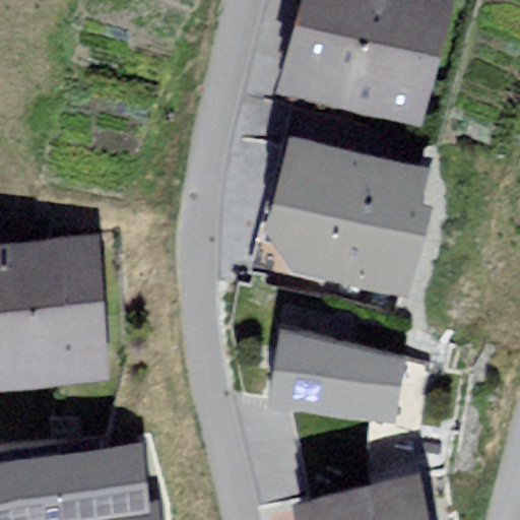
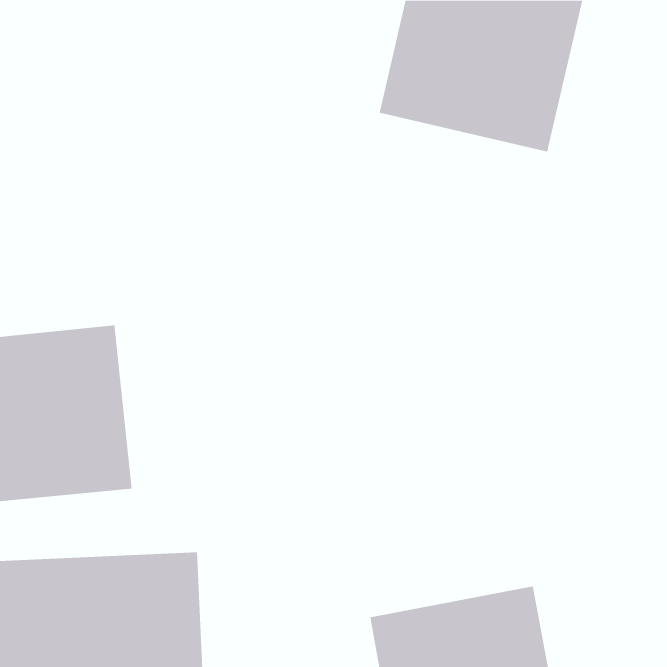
building: [273,154,431,290] -> none
building: [275,341,409,428] -> none

